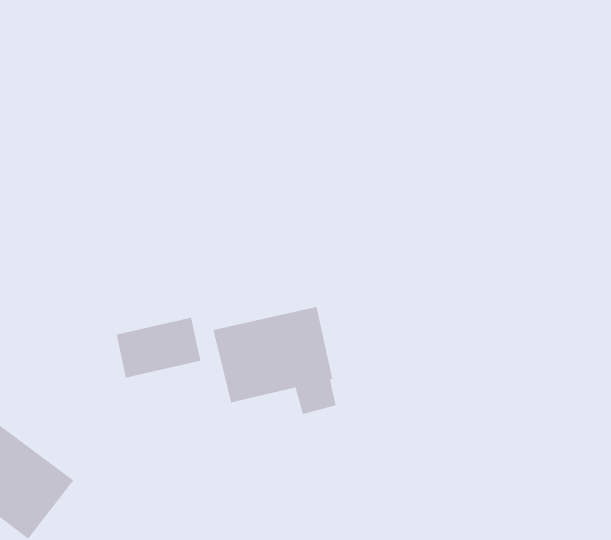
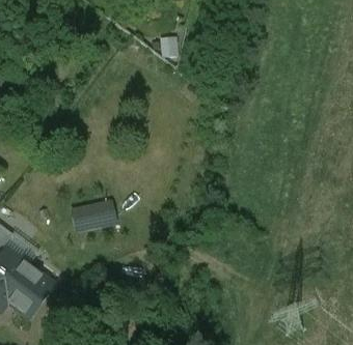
building: [213,306,336,415] -> none

